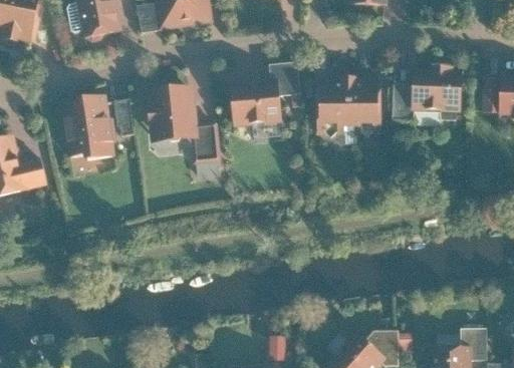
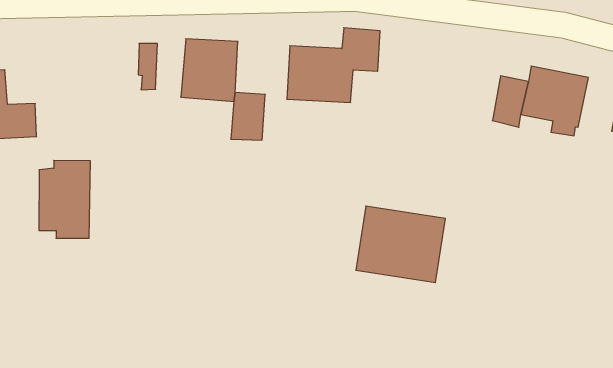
building: [317,81,379,131] -> [356,206,445,283]
building: [64,97,110,160] -> [39,160,90,238]

